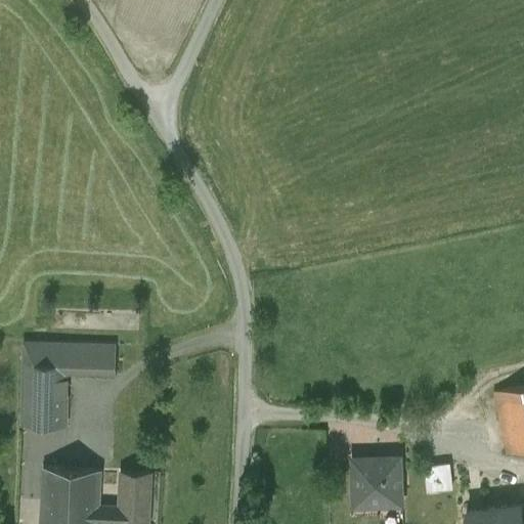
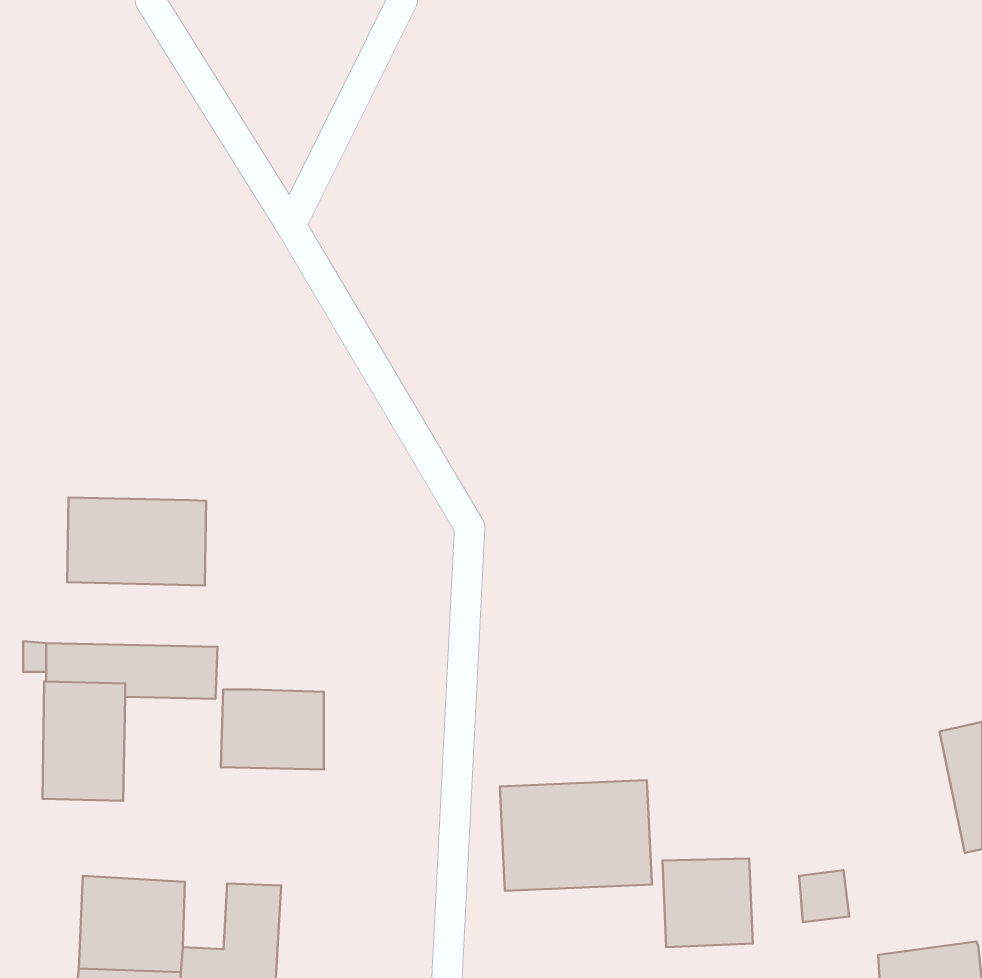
building: none -> [67,497,206,586]
building: none -> [221,690,324,769]
building: none -> [500,780,652,891]

